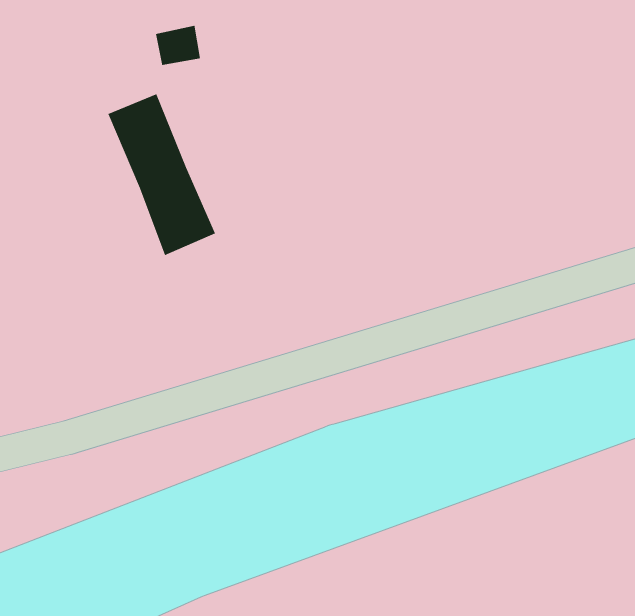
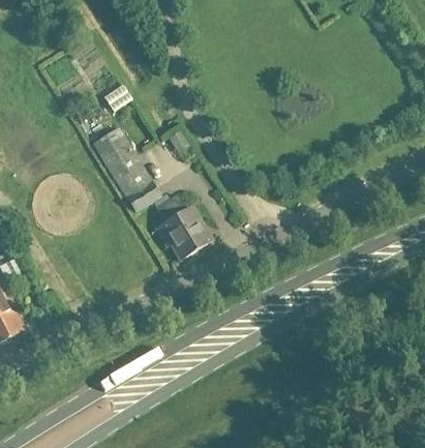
building: none -> [156,195,211,259]

